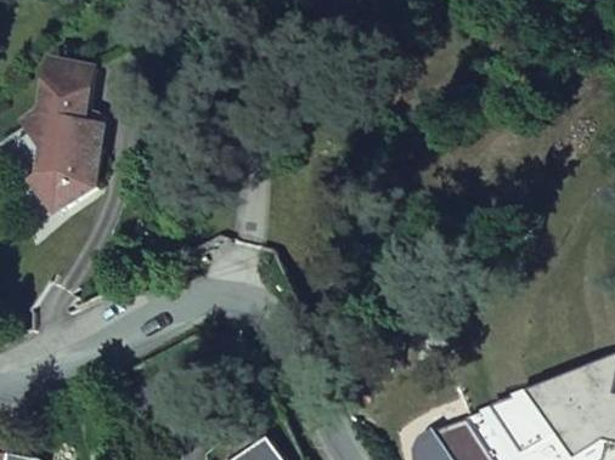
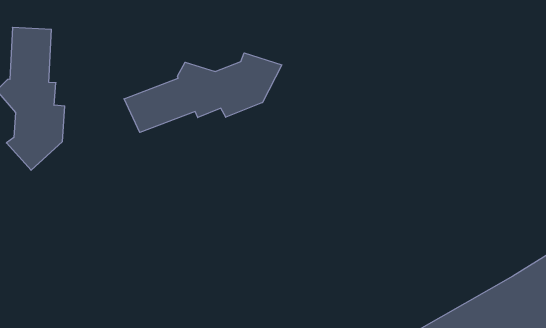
building: none -> [124,53,282,132]

